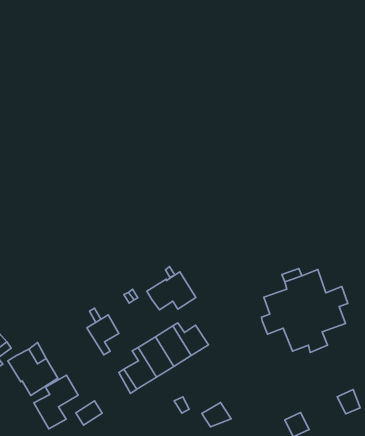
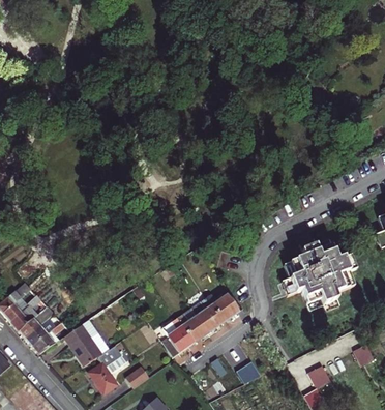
building: [147,272,196,310] -> none
building: [87,315,119,355] -> none

